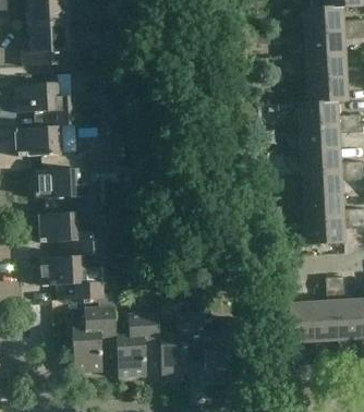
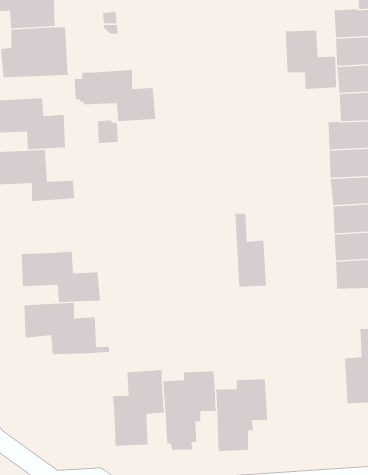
building: none -> [285,30,337,90]
building: [29,169,99,214] -> [74,69,156,122]
building: [287,280,314,343] -> [235,213,267,288]
building: [72,299,117,373] -> none

